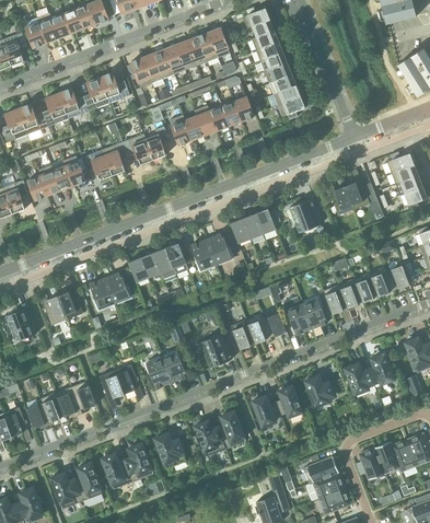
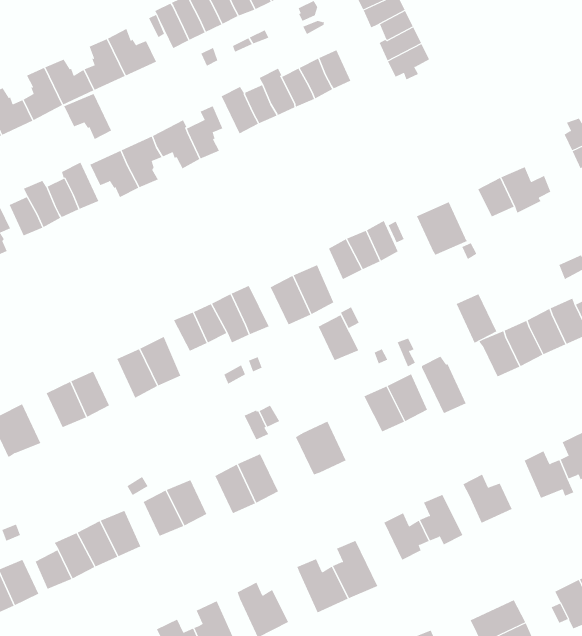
building: none -> [64,93,112,140]
building: [302,298,327,329] -> [456,293,497,343]
building: [231,319,256,349] -> [318,314,359,361]

